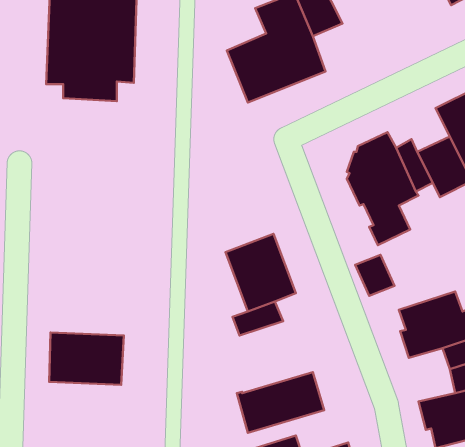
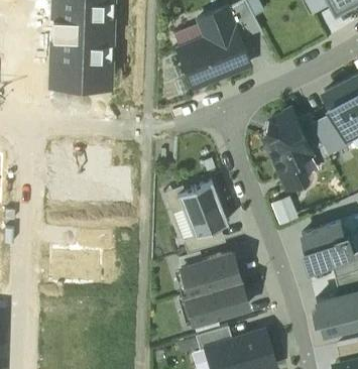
building: none -> [180,253,238,295]

